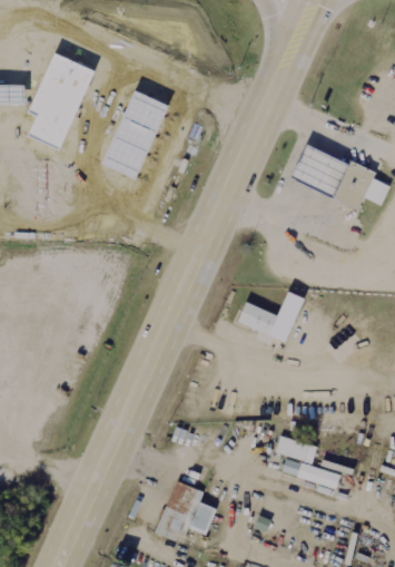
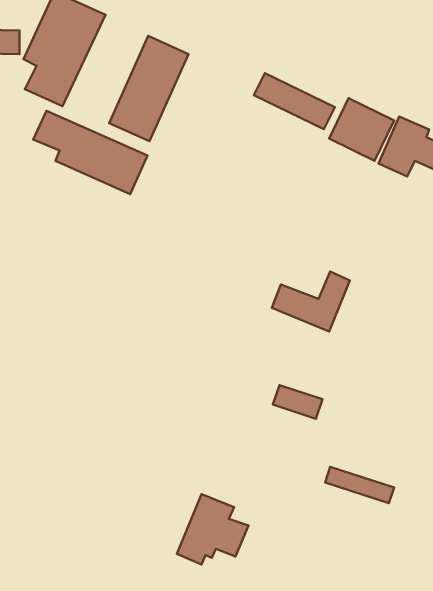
building: none -> [254,73,335,129]
building: none -> [33,111,147,194]
building: [277,436,319,465] -> [273,385,322,419]

